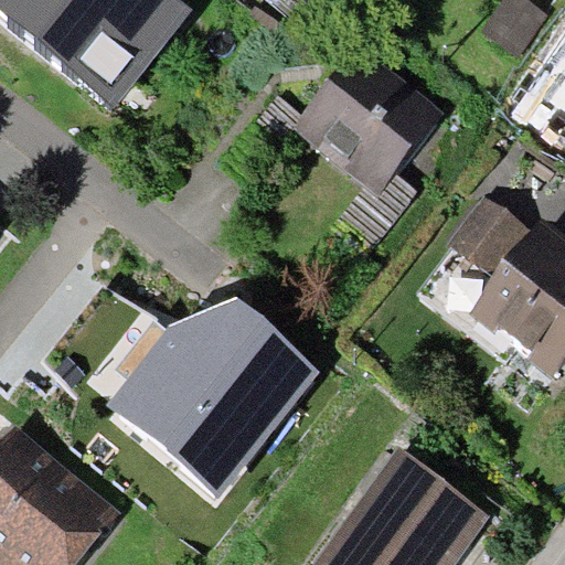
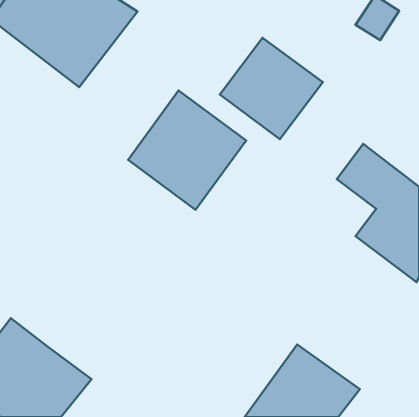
building: none -> [128,90,246,210]
building: [105,298,324,498] -> none

